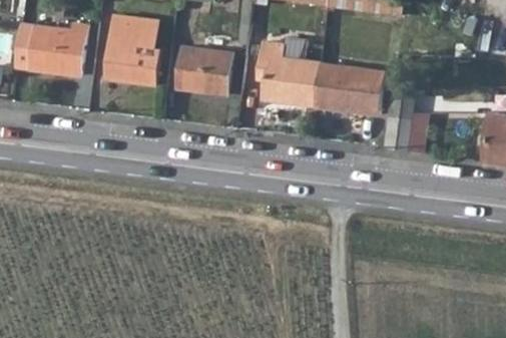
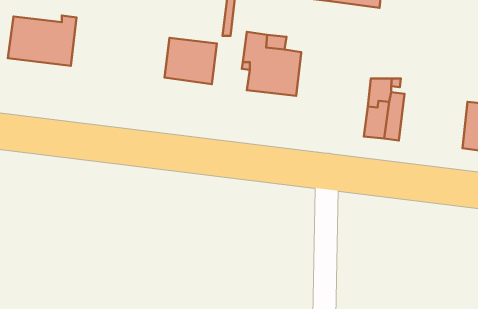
building: [105,14,158,85] -> none
building: [313,40,387,114] -> none

